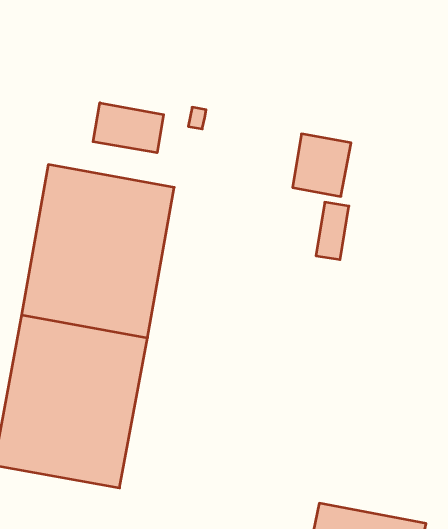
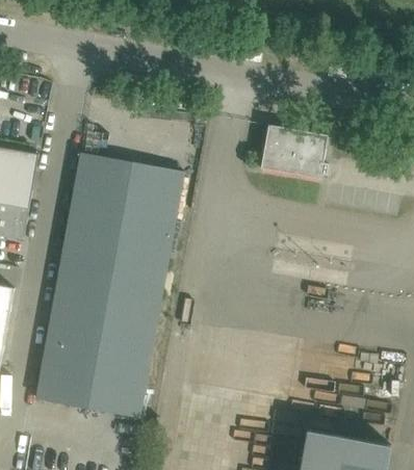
building: [93,103,164,153] -> none
building: [316,202,349,260] -> [261,125,288,172]

